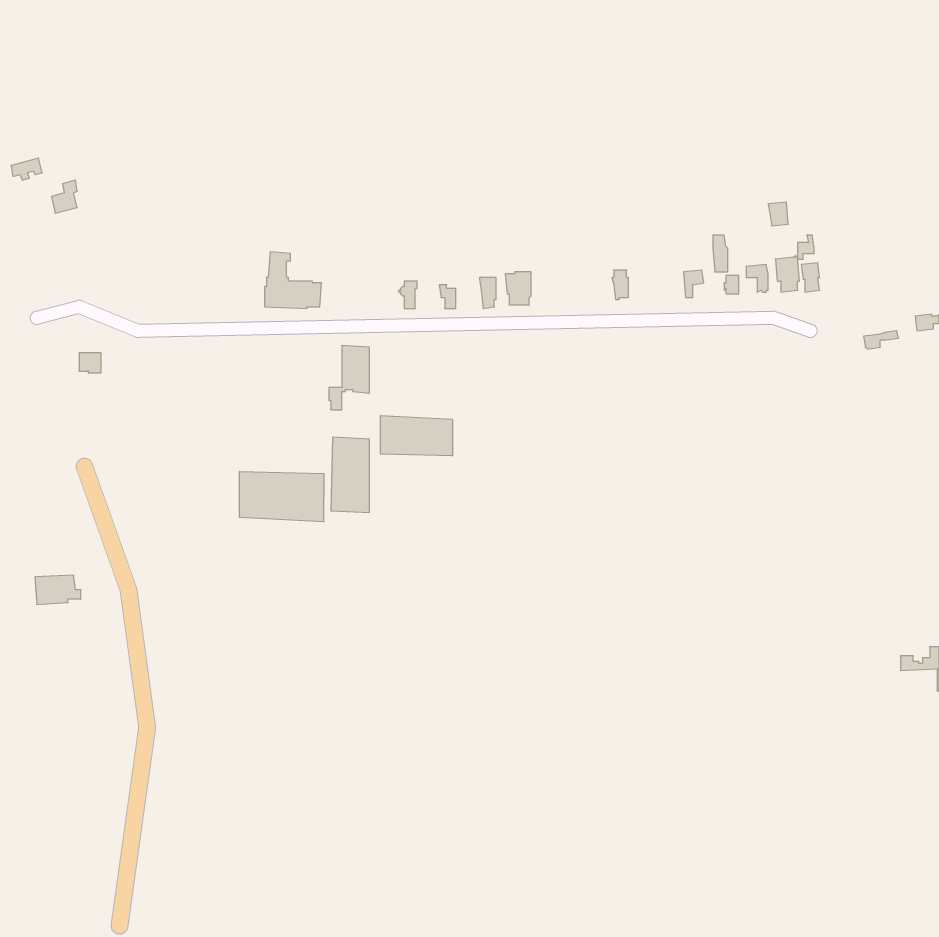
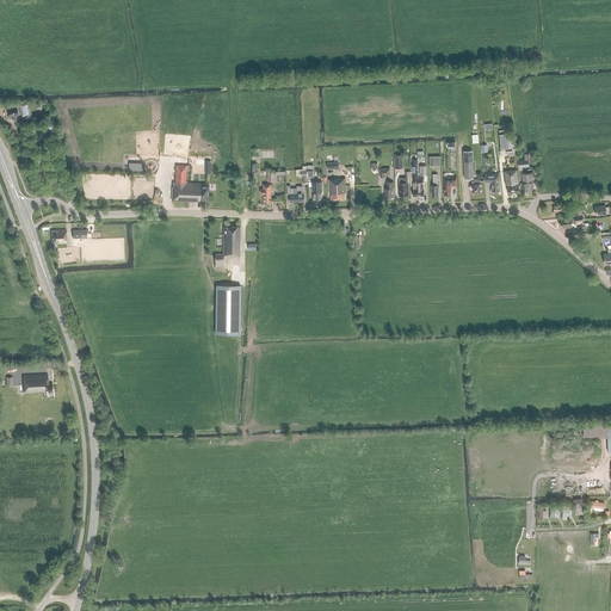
building: [381,416,452,456] -> none
building: [239,471,324,522] -> none

